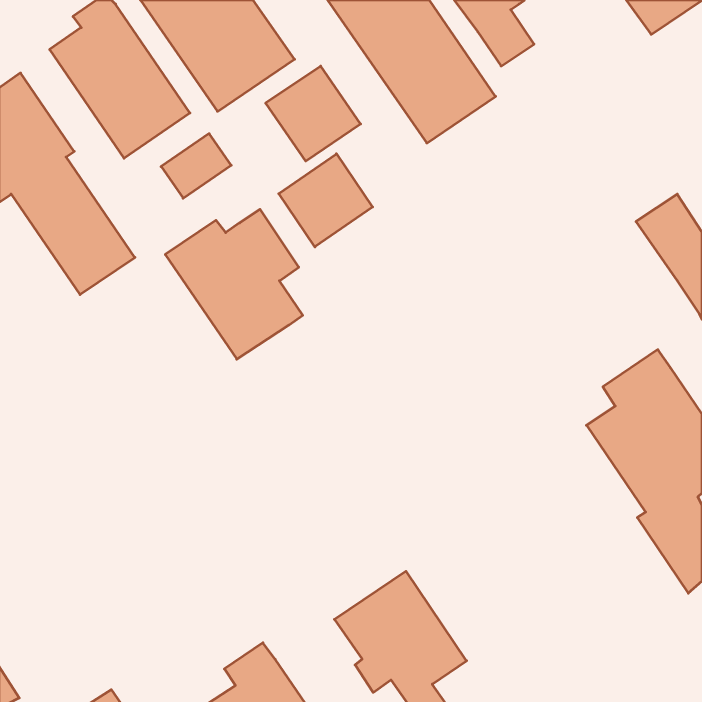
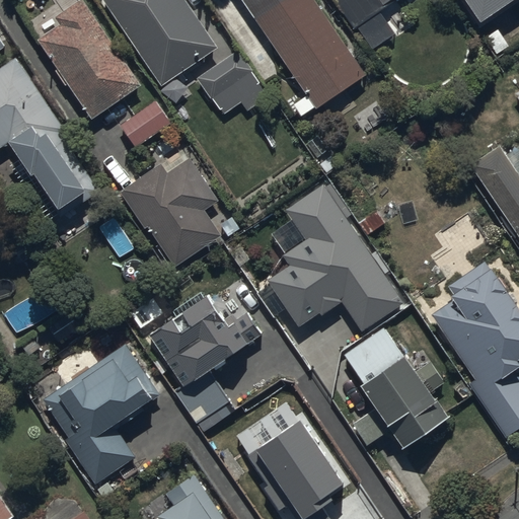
building: [279,154,373,247] -> none
building: none -> [267,184,402,328]
building: none -> [148,289,262,433]
building: none -> [341,326,448,449]
building: none -> [43,342,162,488]

